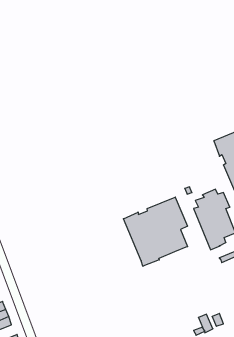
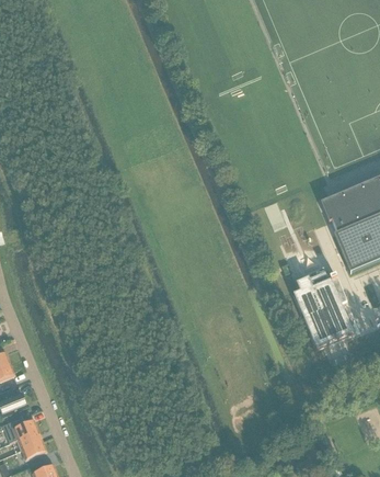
building: [123,197,188,266] -> none

